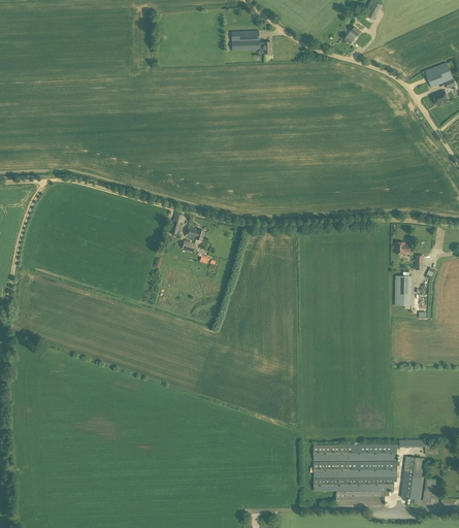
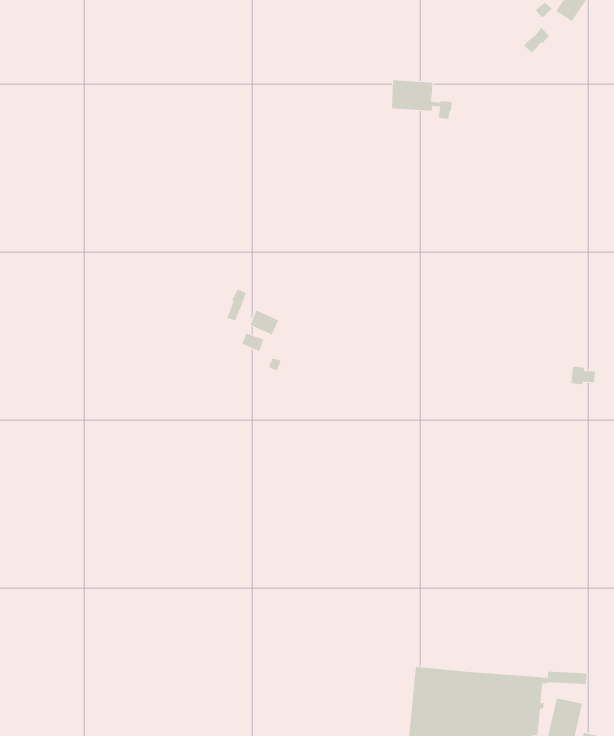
building: [230,30,270,53] -> [391,80,453,119]
building: [394,274,413,305] -> none

